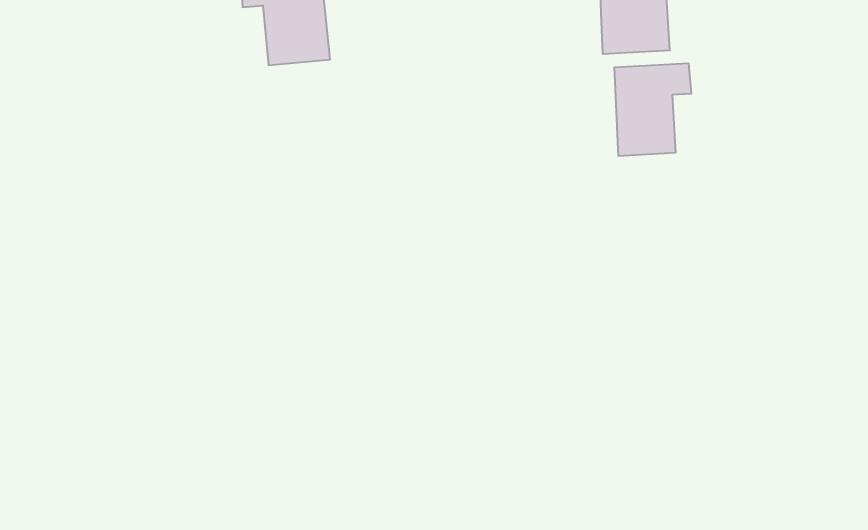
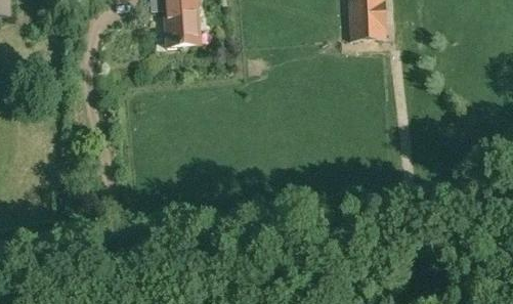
building: [614,63,691,156] -> none

